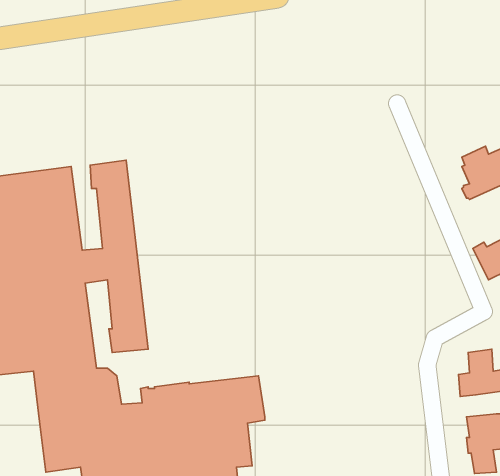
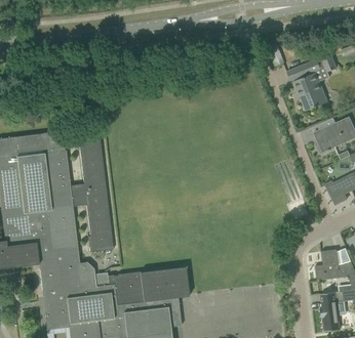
building: none -> [286,56,337,111]

